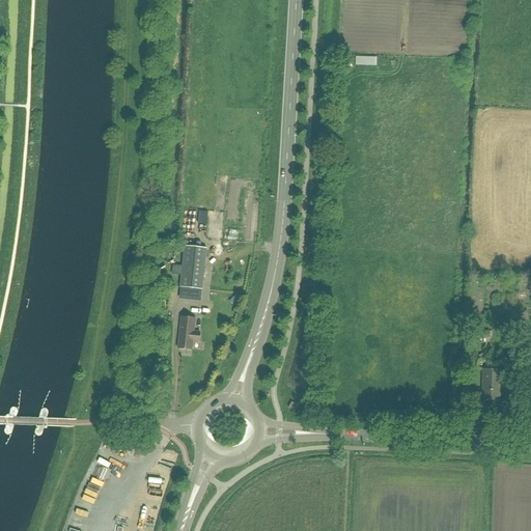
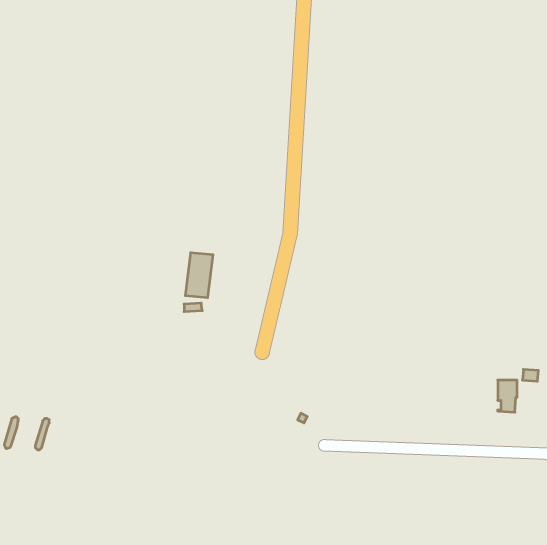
building: [177,315,200,348] -> none

